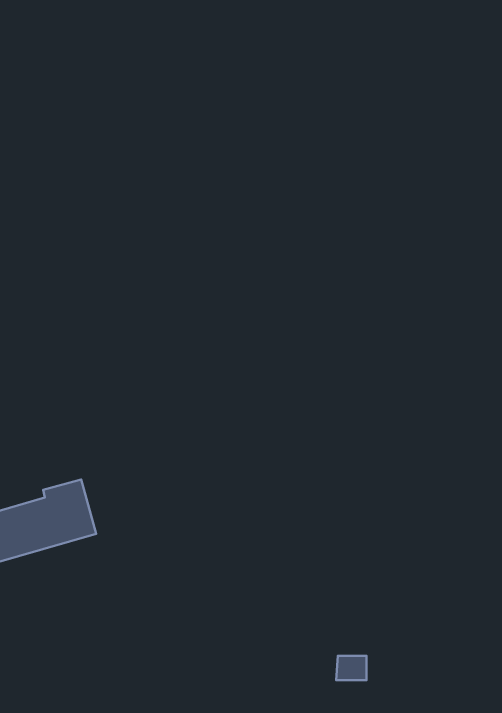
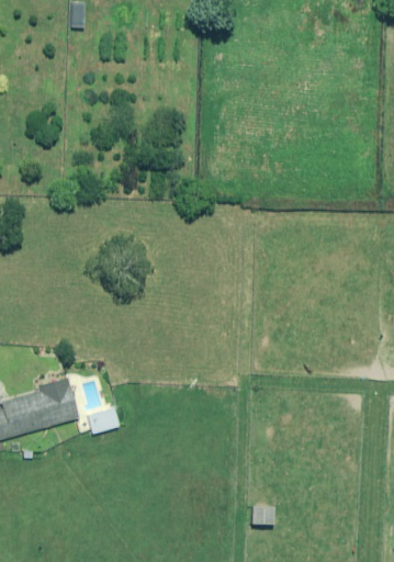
building: none -> [89,406,121,432]

